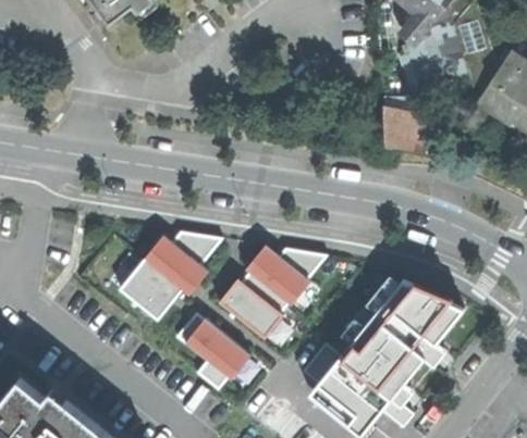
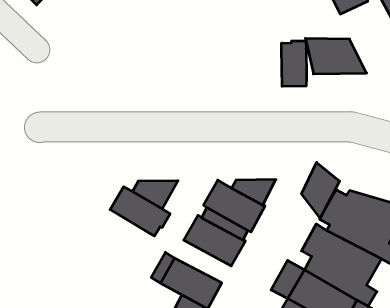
building: none -> [281,41,306,86]
building: none -> [302,162,340,218]
building: [120,256,183,318] -> none

